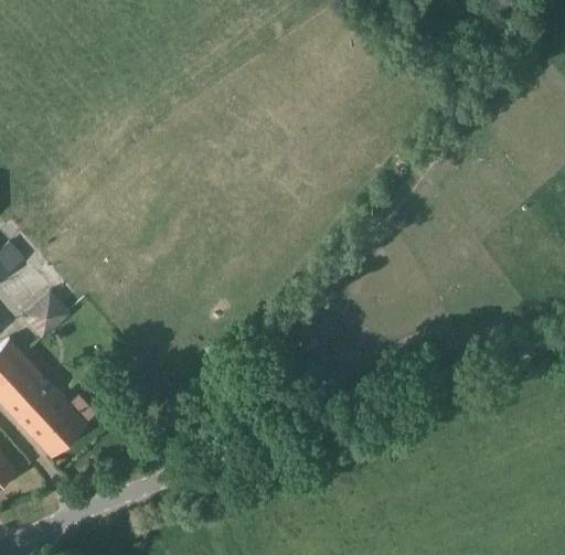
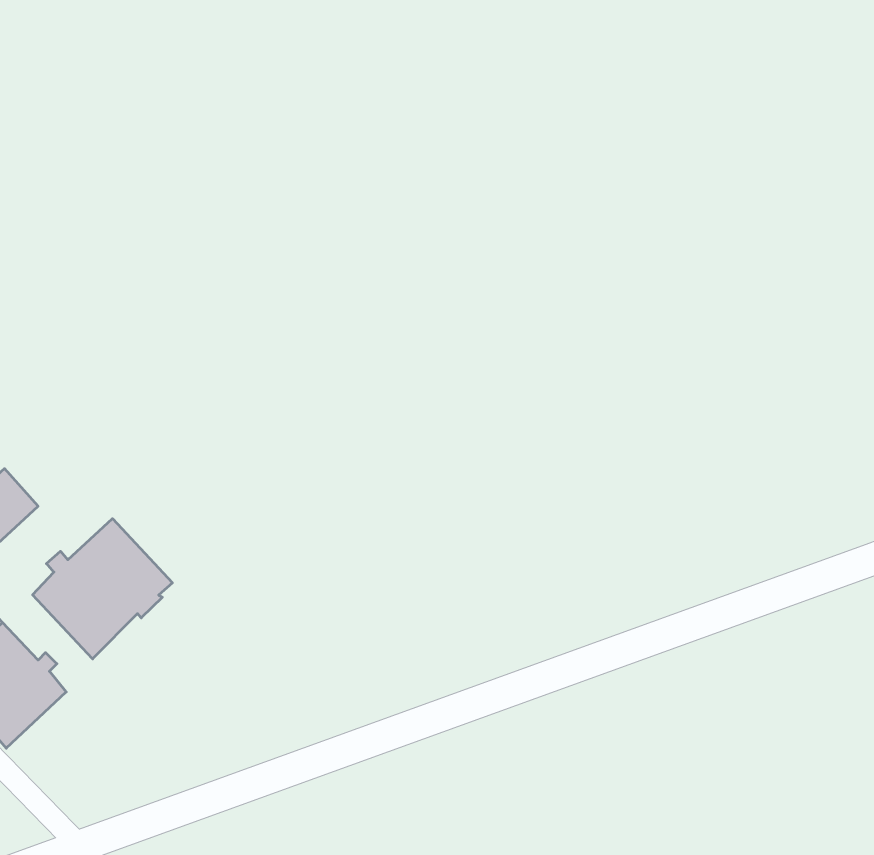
building: none -> [33,519,172,659]

